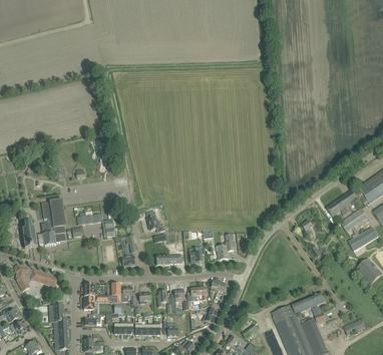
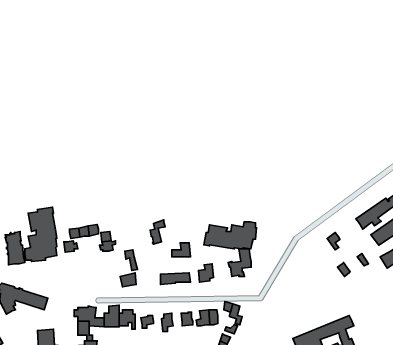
building: none -> [204,222,257,249]

